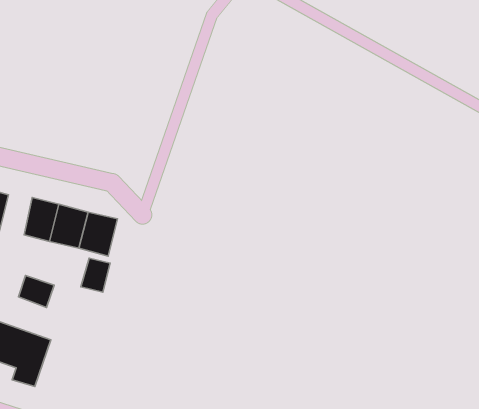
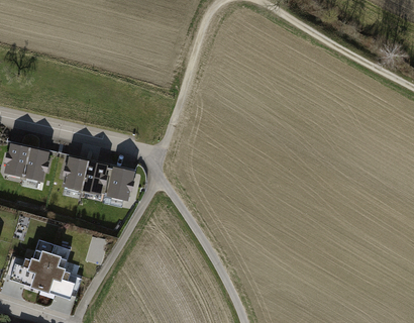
building: [81,258,110,292] -> none
building: [18,275,54,308] -> none

